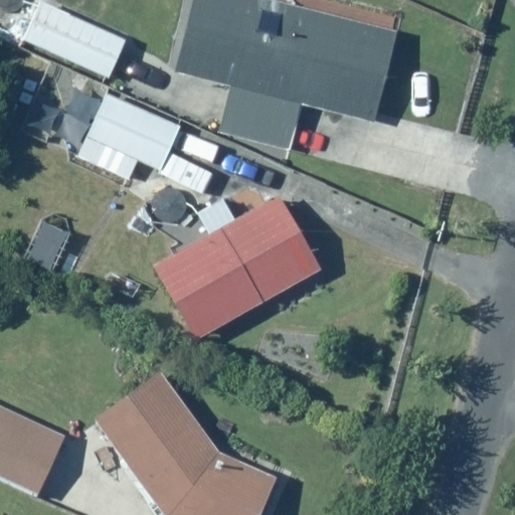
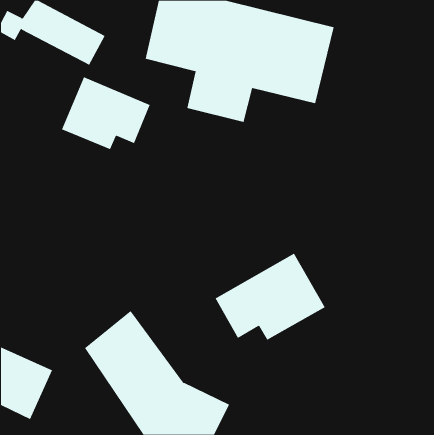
building: [154,194,318,336] -> none
building: none -> [215,253,325,341]

